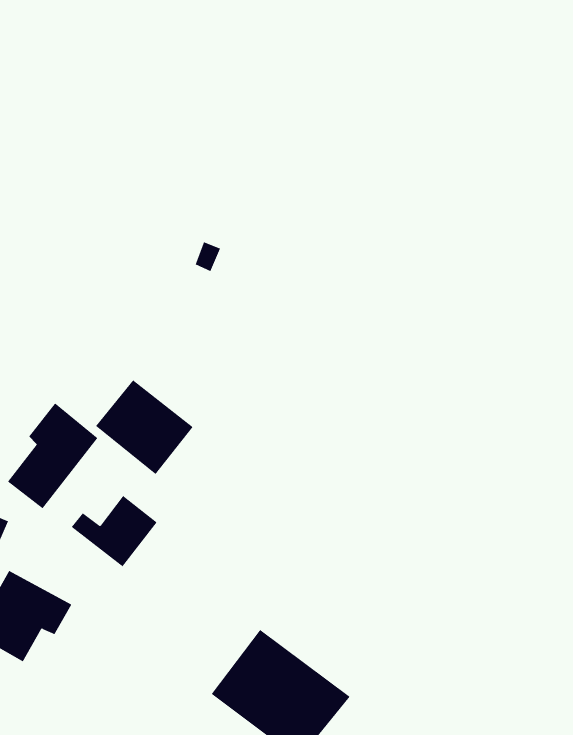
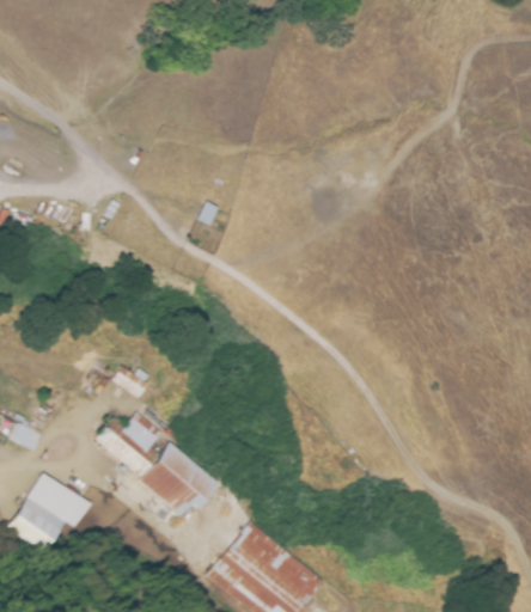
building: [95,380,193,475] -> [135,440,216,519]
building: [7,402,98,509] -> none

